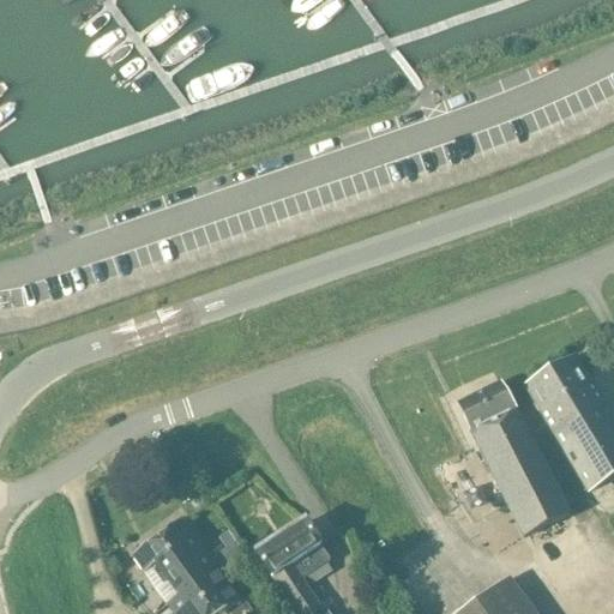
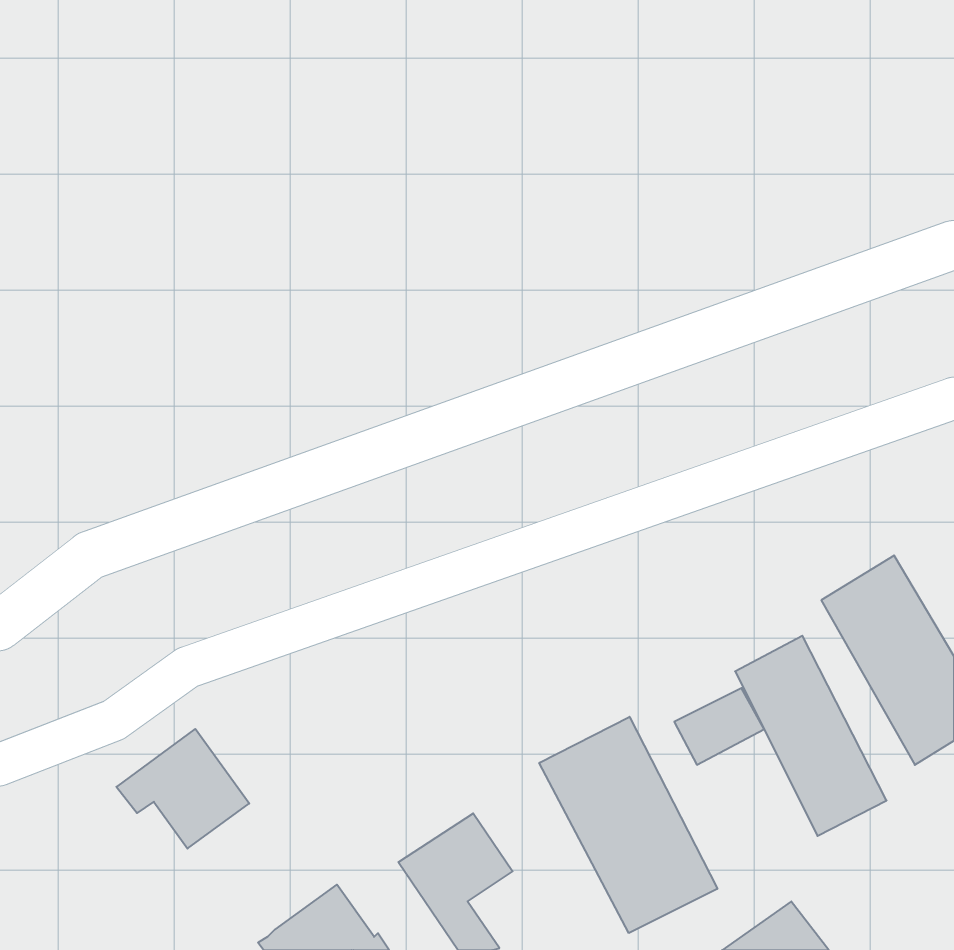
building: [457,381,514,431] -> [674,688,764,765]
building: none -> [539,717,717,933]
building: [131,519,216,596] -> [116,729,249,849]

